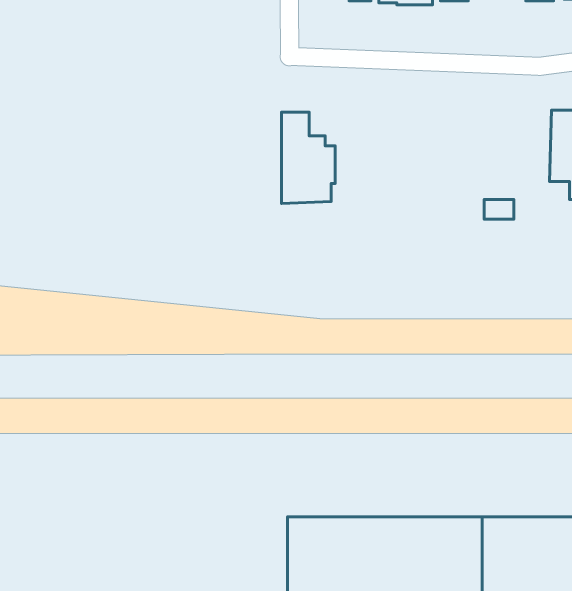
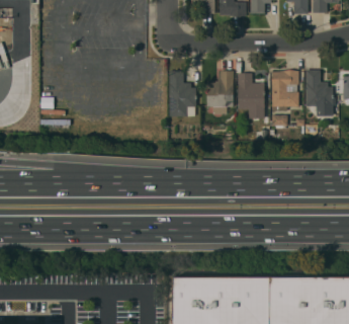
building: none -> [272,70,298,110]
building: none -> [207,71,233,113]
building: none -> [238,72,264,114]

